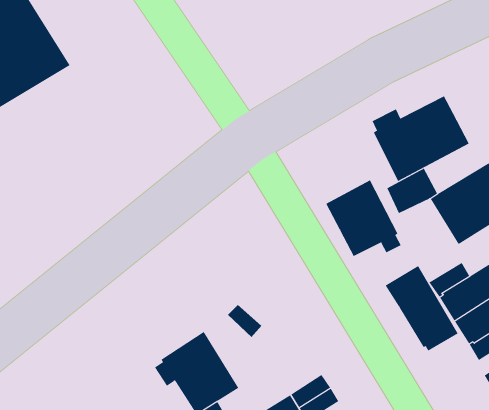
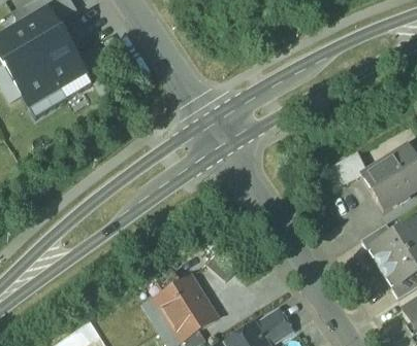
building: [372,95,469,182] -> none
building: [325,179,401,257] -> none
building: [385,265,458,352] -> none

